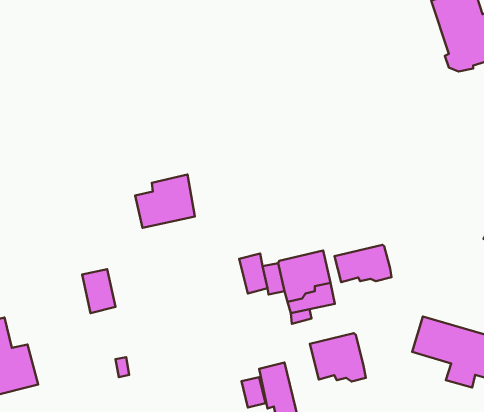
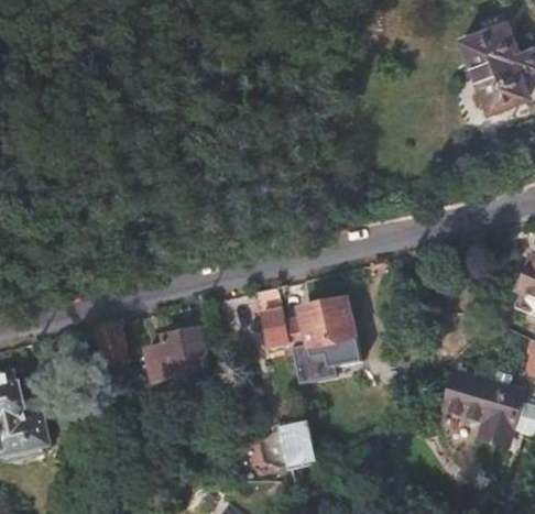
building: [135,175,195,228] -> [143,328,206,384]
building: [335,245,391,282] -> none
building: [310,333,366,382] -> none

